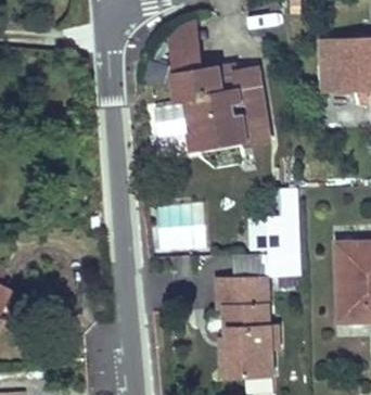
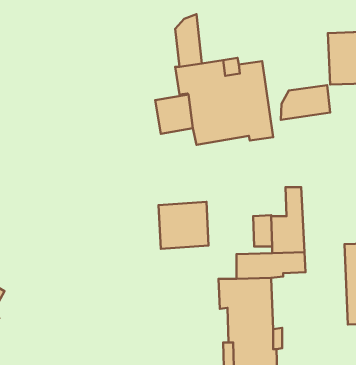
building: none -> [281,85,330,120]

